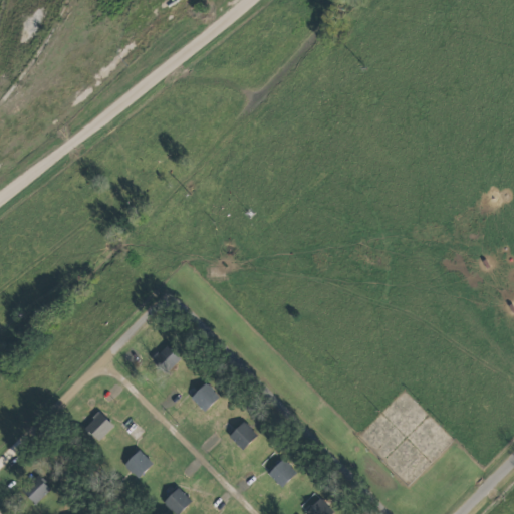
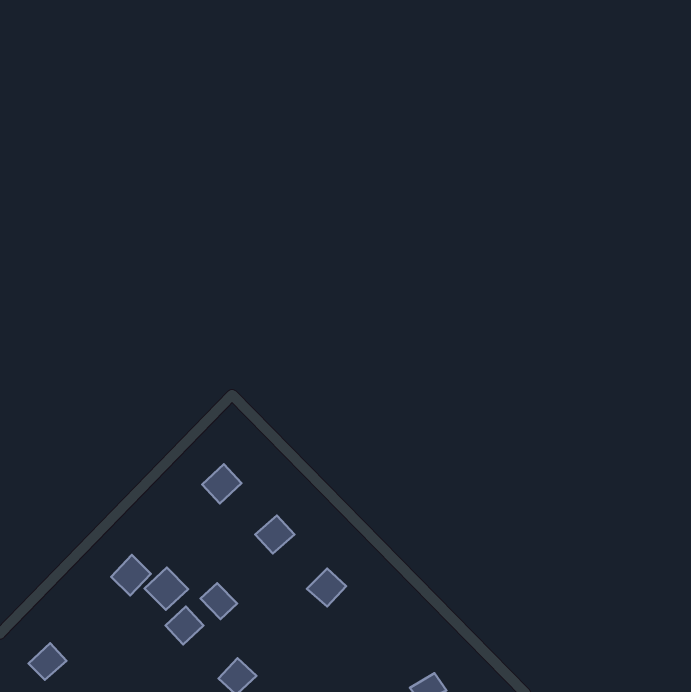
building: none -> [144,568,188,610]
building: none -> [201,583,237,619]
building: [268,459,297,488] -> none

